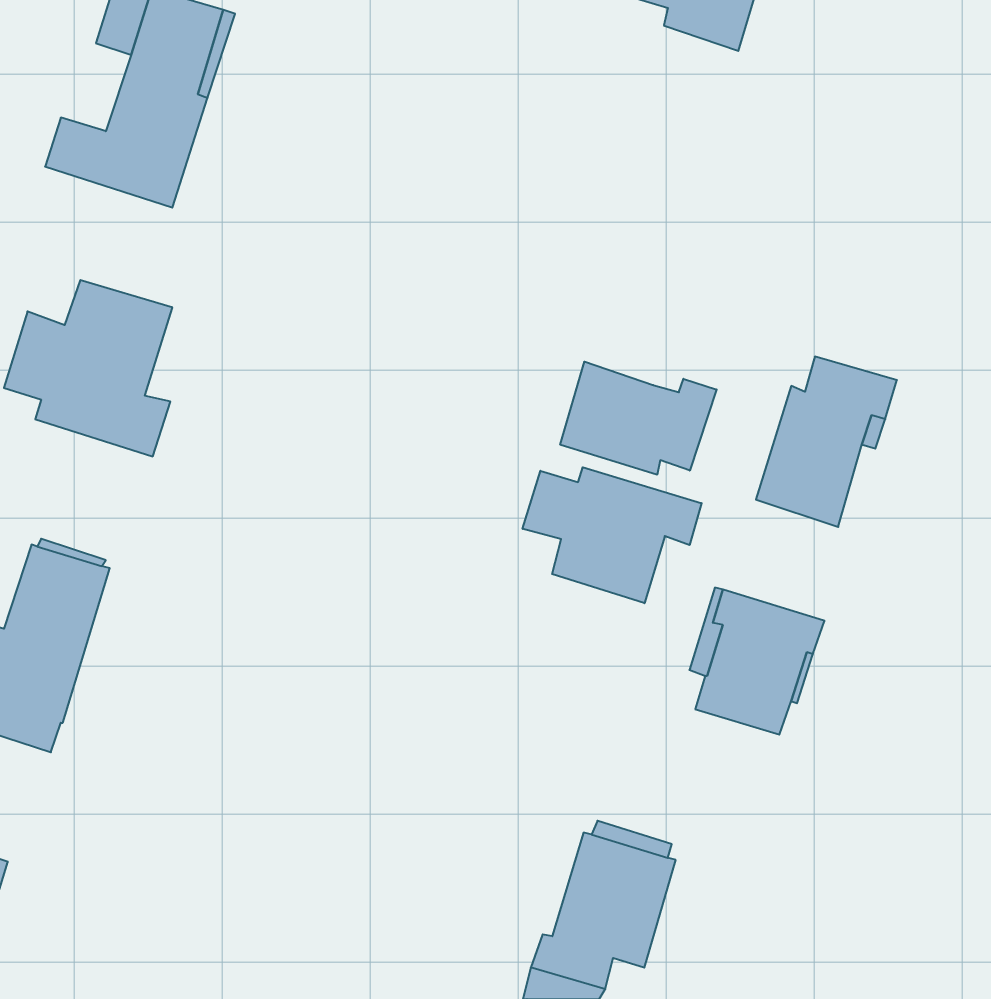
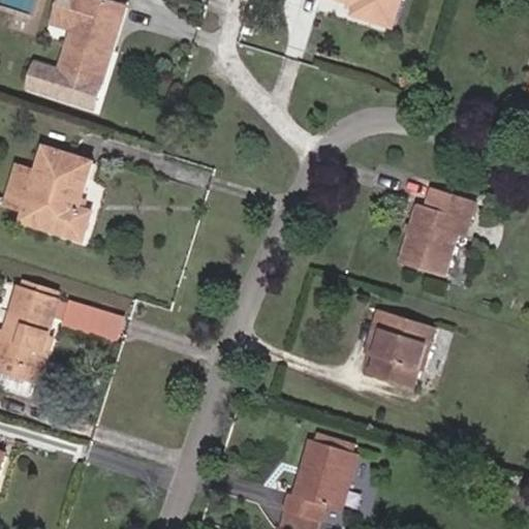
building: [560,362,717,475] -> none
building: [523,467,702,603] -> none
building: none -> [61,295,127,340]

